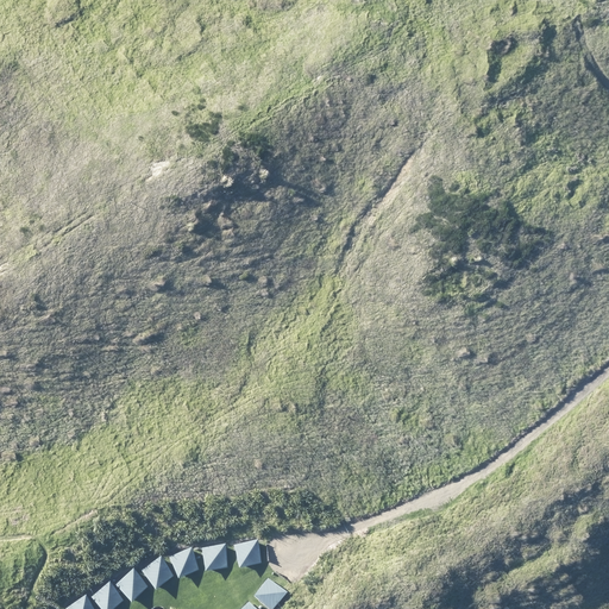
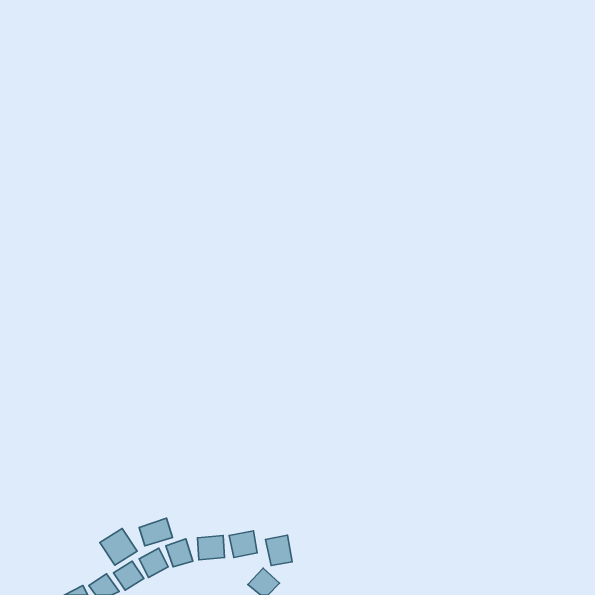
building: none -> [139,518,173,546]
building: none -> [100,528,137,565]
building: none -> [266,535,292,566]

